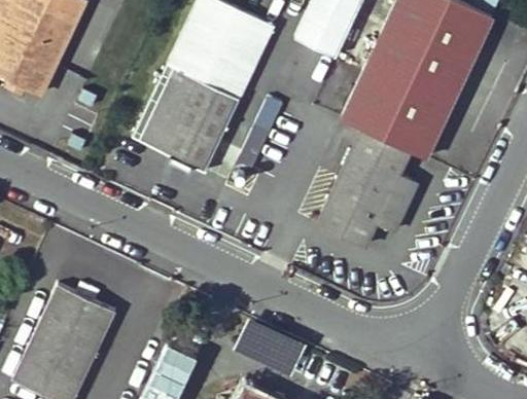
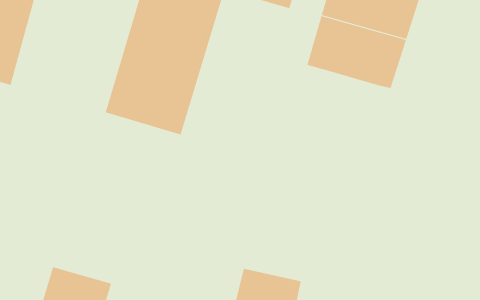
building: [316,130,417,248] -> none

